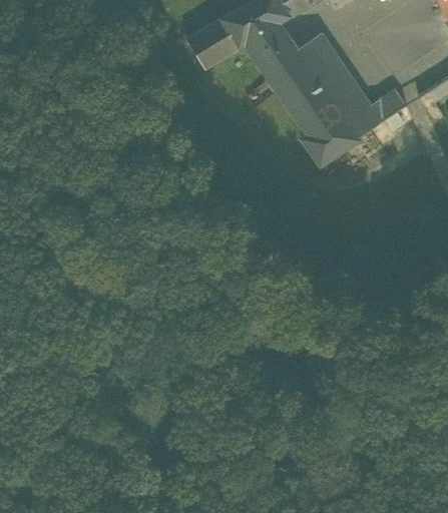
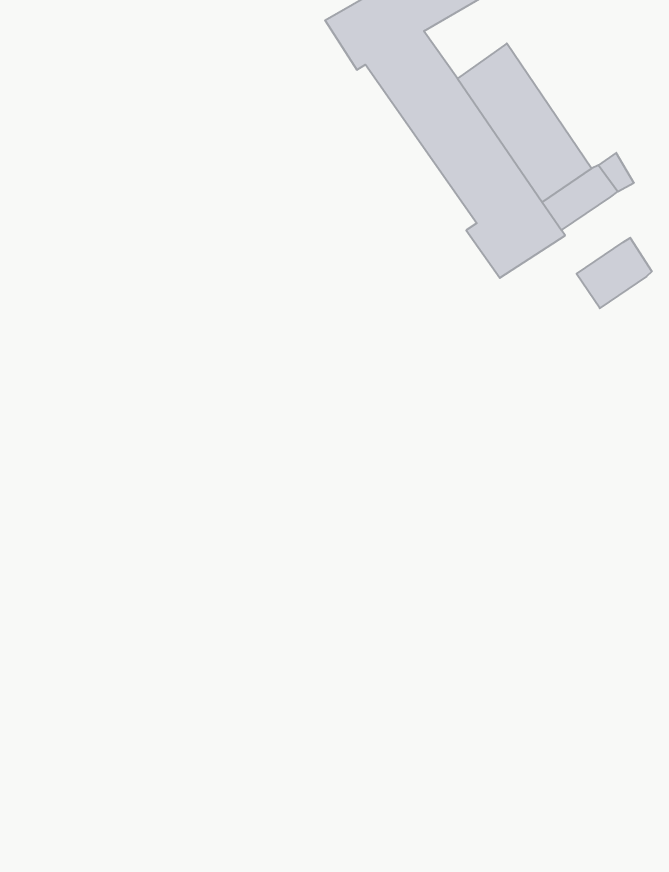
building: [187,20,239,69] -> none
building: none -> [577,238,652,308]

